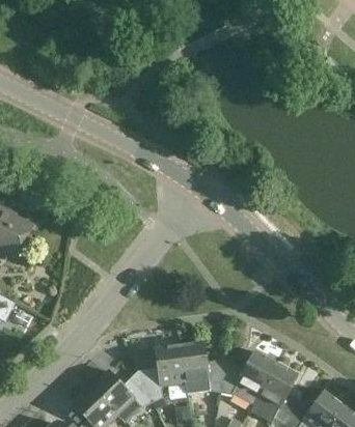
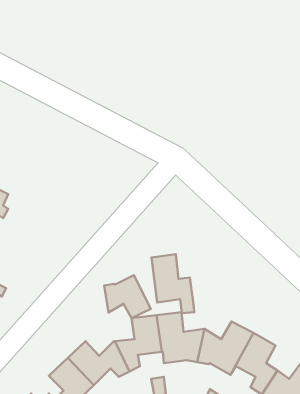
building: none -> [151,254,194,313]
building: none -> [104,275,151,318]

